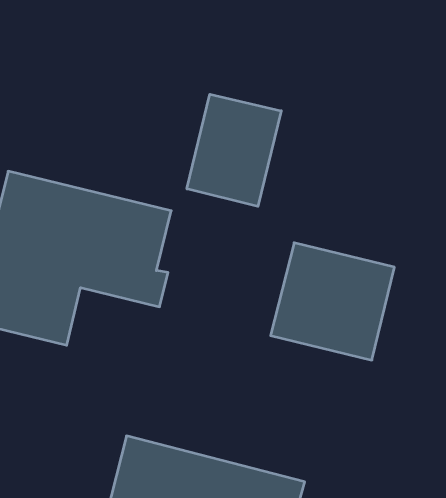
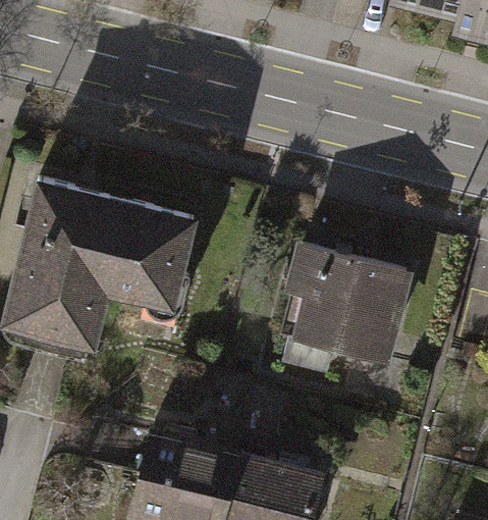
building: [187,94,281,206] -> none

